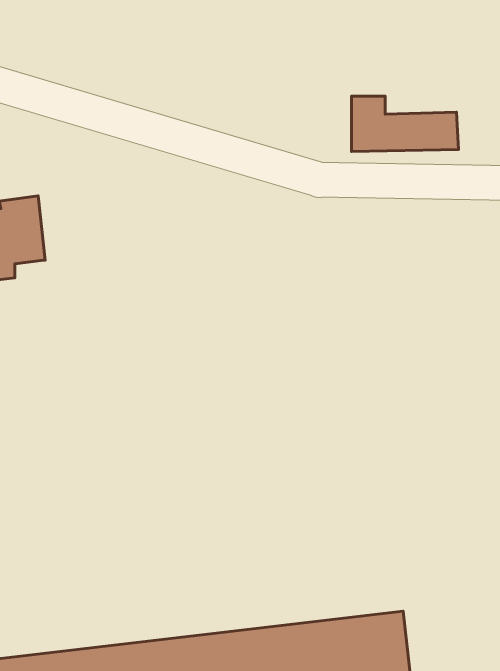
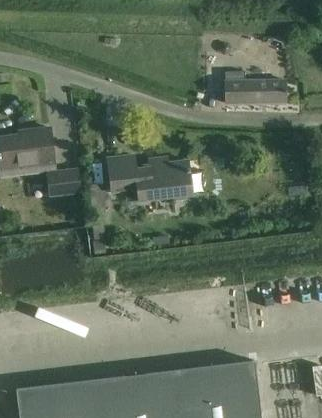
building: none -> [106,155,191,199]
building: none -> [46,169,79,197]

